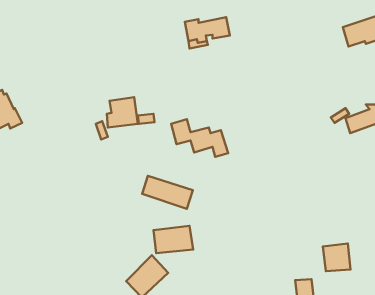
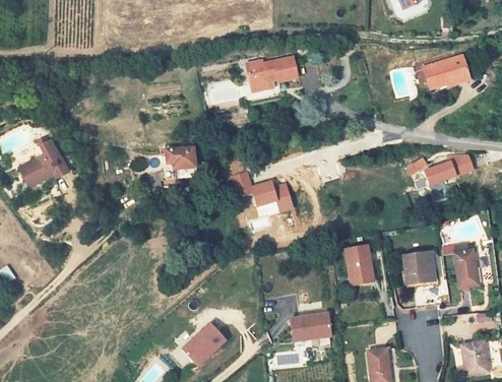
building: [142,176,193,209] -> none
building: none -> [351,244,377,282]
building: [154,226,193,253] -> [289,311,332,341]
building: [323,244,351,271] -> [407,251,438,281]

